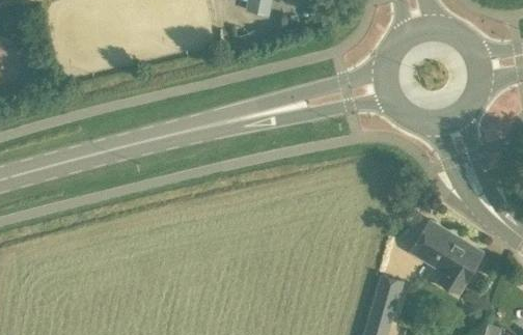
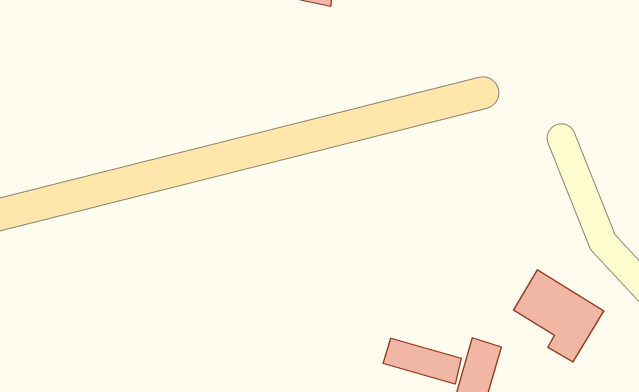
building: none -> [383,338,461,384]

